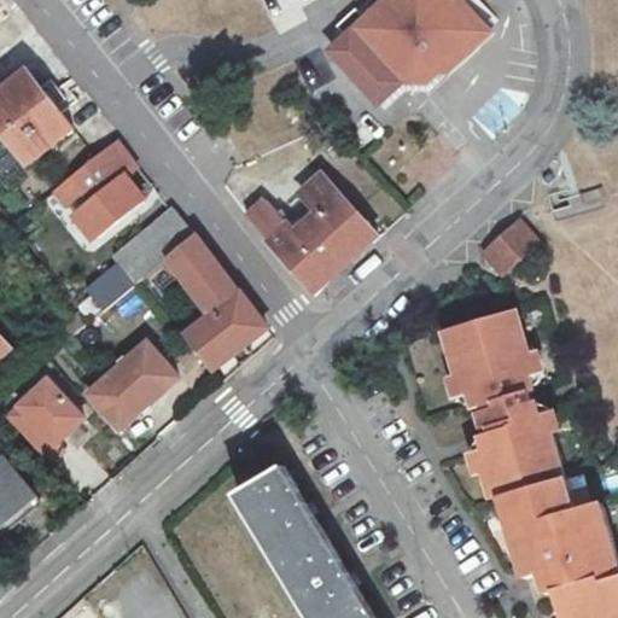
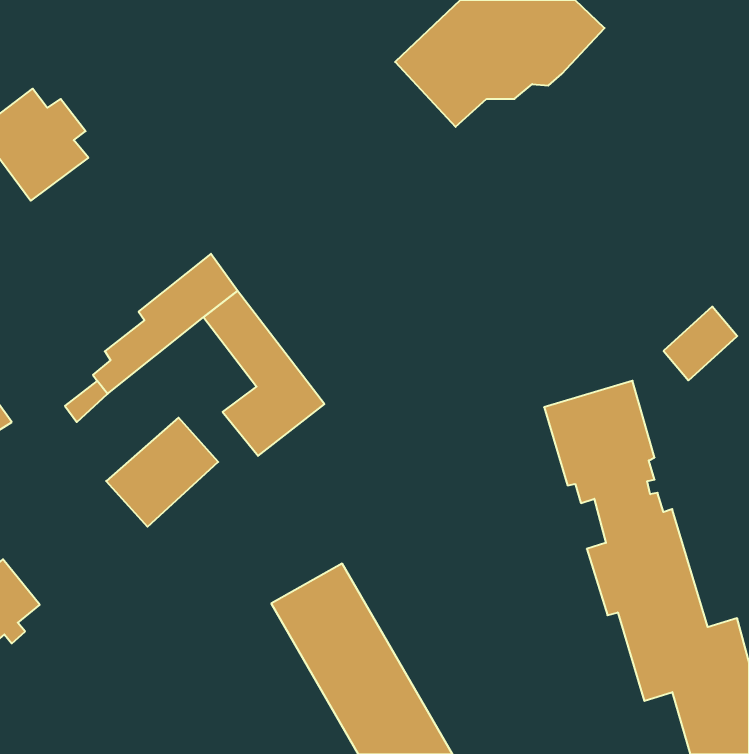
building: [45,140,145,241] -> none
building: [245,171,374,285] -> none
building: [482,217,542,278] -> [664,307,737,380]
building: [6,377,87,465] -> none

